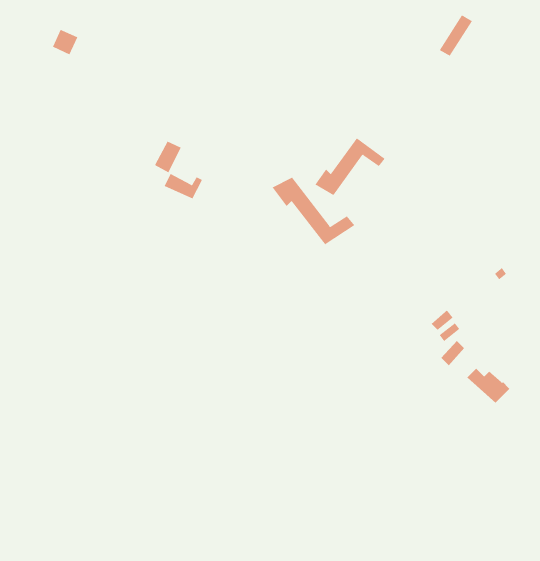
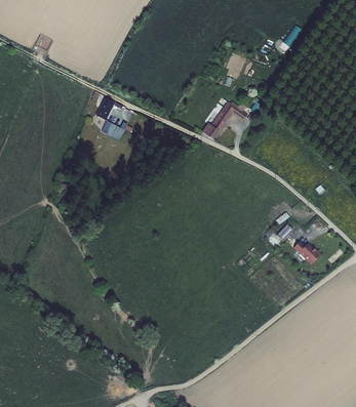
building: [272,177,355,245] -> none

